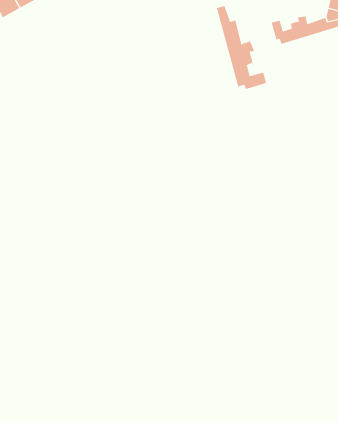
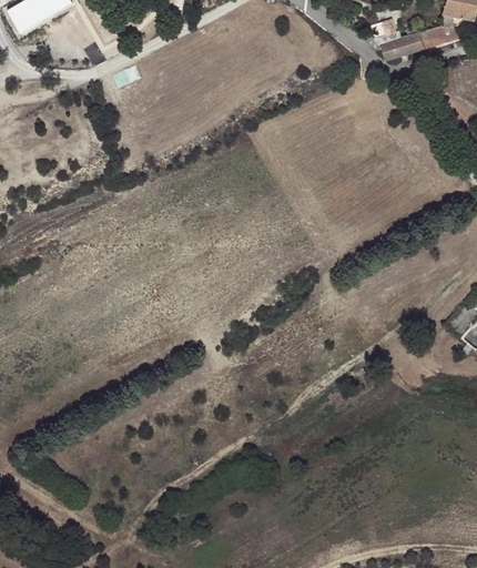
building: [216,5,267,90] -> none

